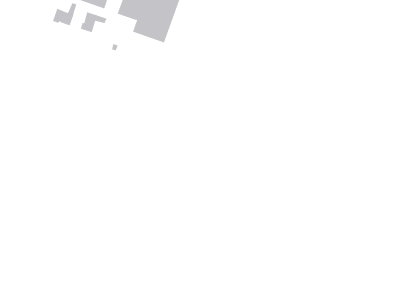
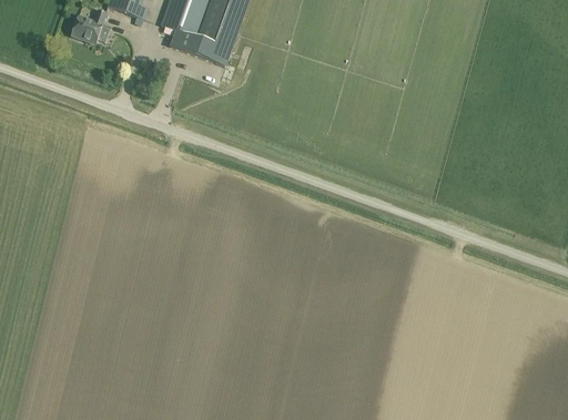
building: [80,11,107,34] -> none

